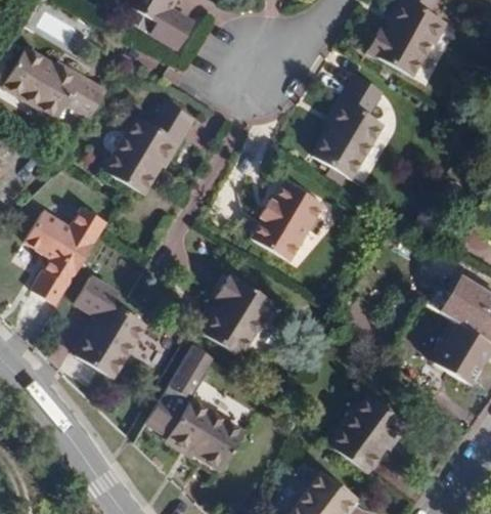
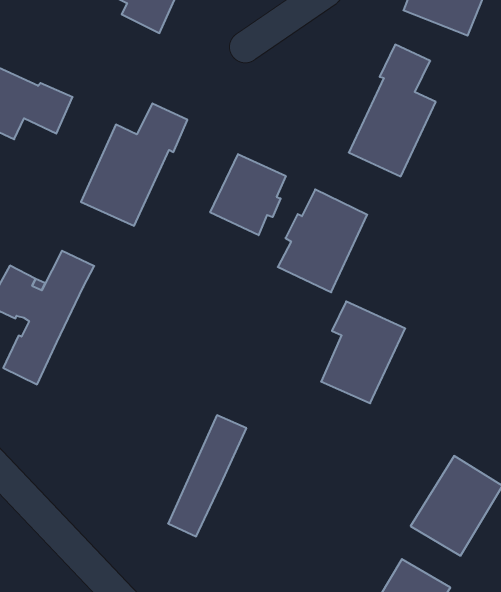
building: none -> [210,154,286,235]
building: [74,275,145,378] -> none
building: [205,275,273,355] -> [321,301,405,403]
building: [166,397,246,470] -> none

